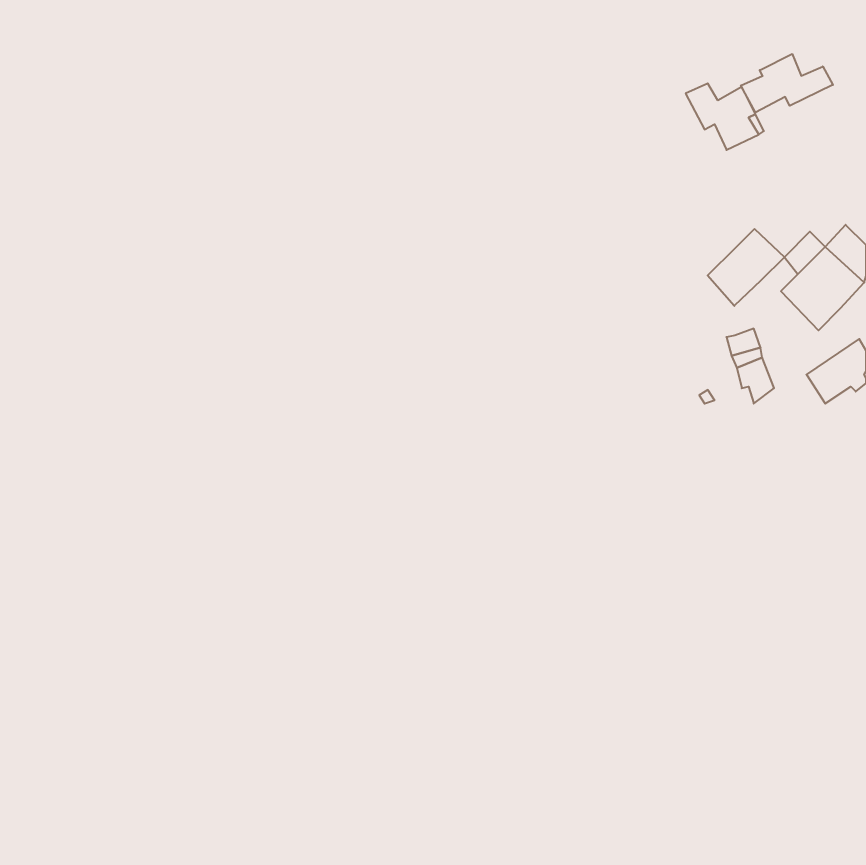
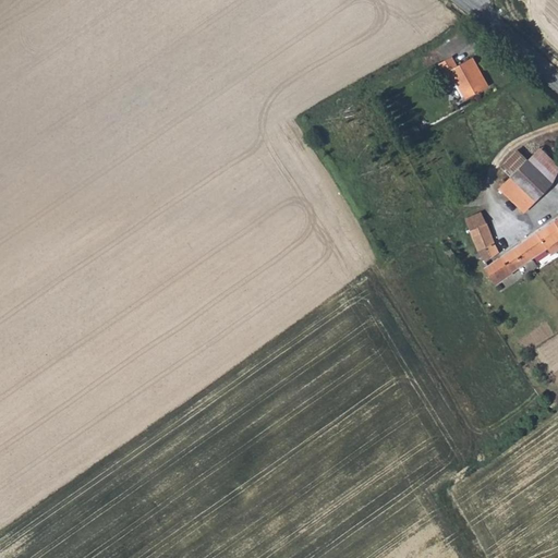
building: [741,54,833,113] -> none
building: [708,229,784,306] -> none
building: none -> [482,243,529,287]

